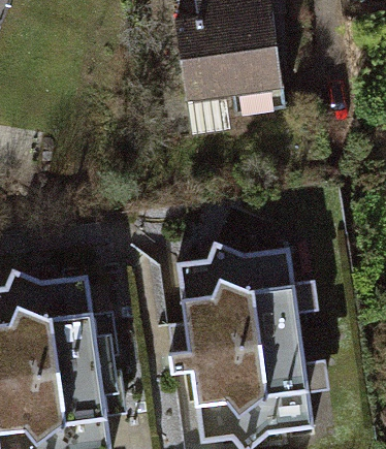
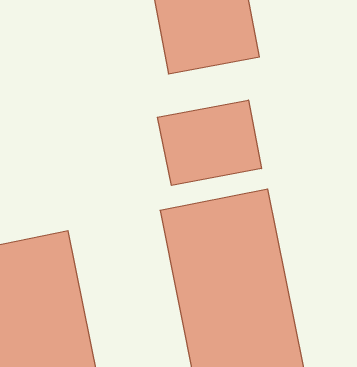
building: none -> [157,100,261,185]

